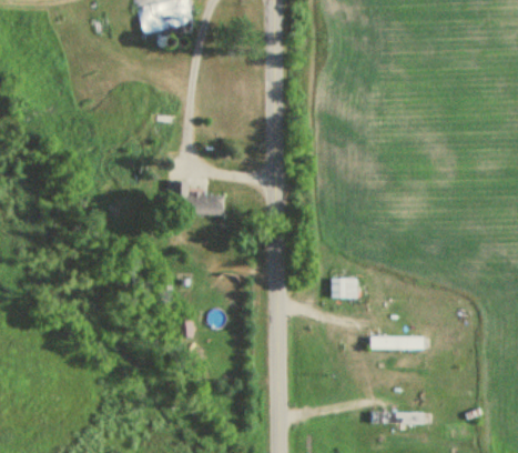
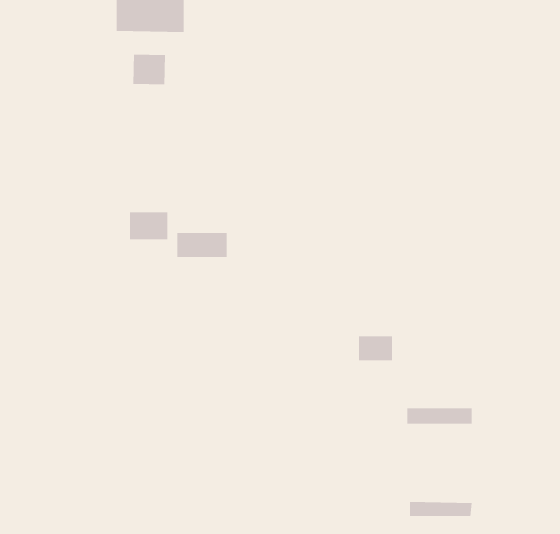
building: none -> [133,54,165,85]
building: none -> [129,211,168,240]

